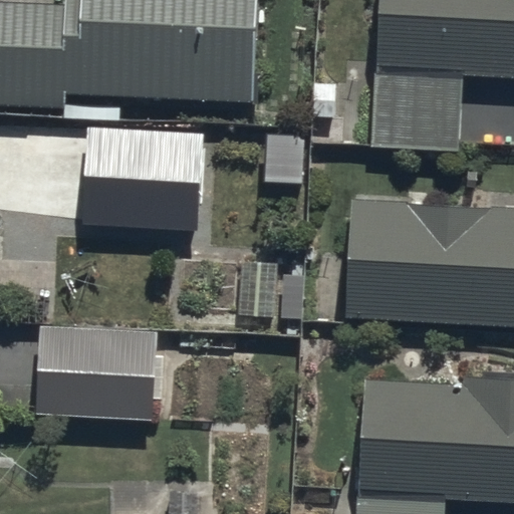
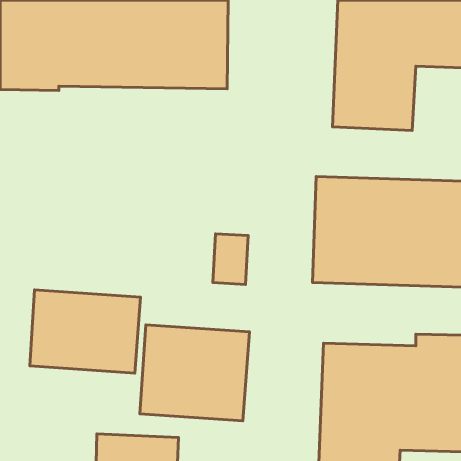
building: [81,128,207,233] -> none
building: none -> [140,325,250,421]

